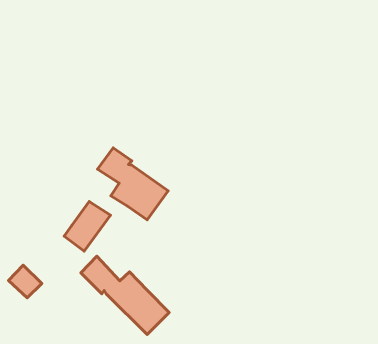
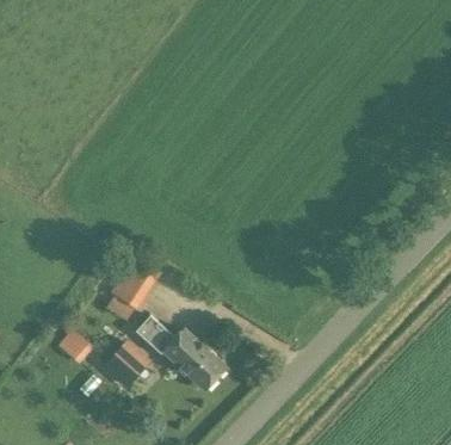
building: [97,148,168,220] -> none
building: none -> [106,345,147,387]

